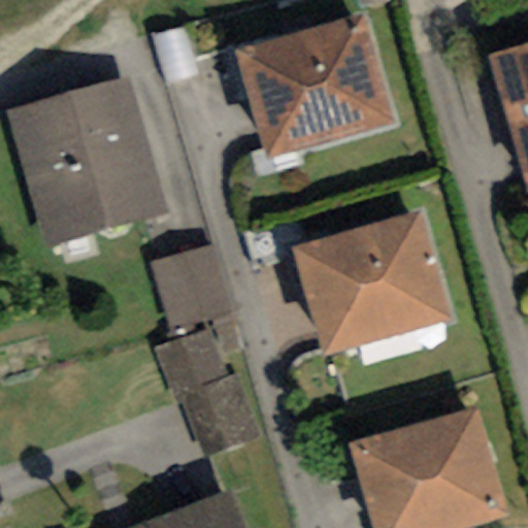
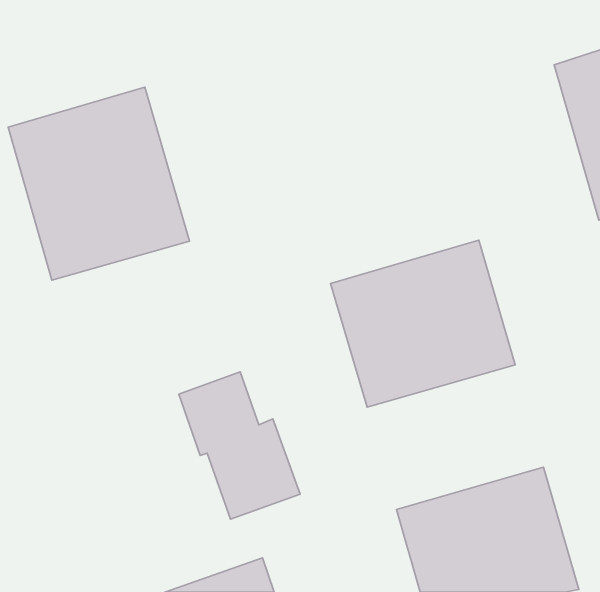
building: [235,15,393,160] -> none
building: [151,241,232,325] -> none

